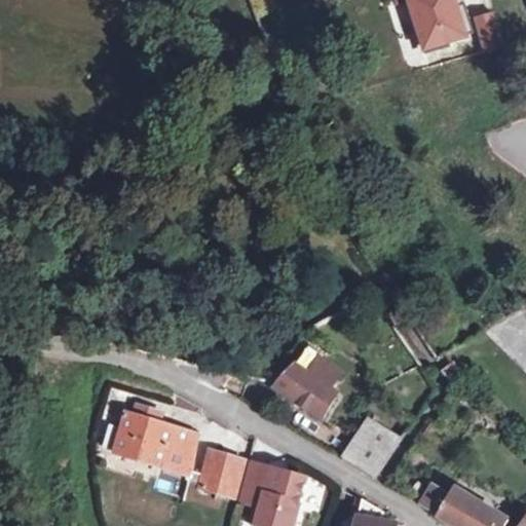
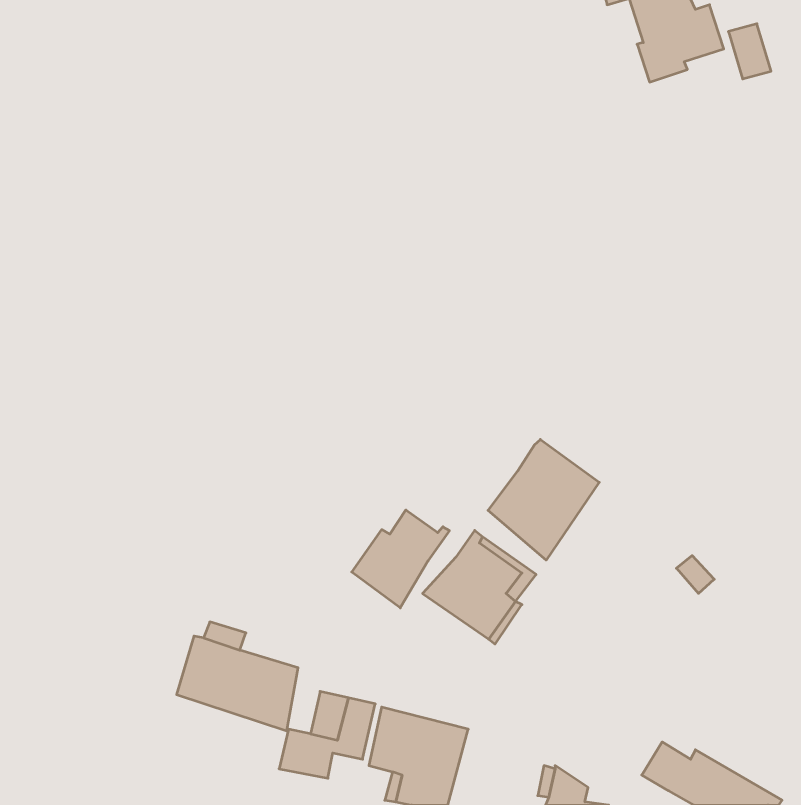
building: none -> [488,439,599,560]
building: none -> [352,510,449,608]
building: [339,418,398,478] -> none

